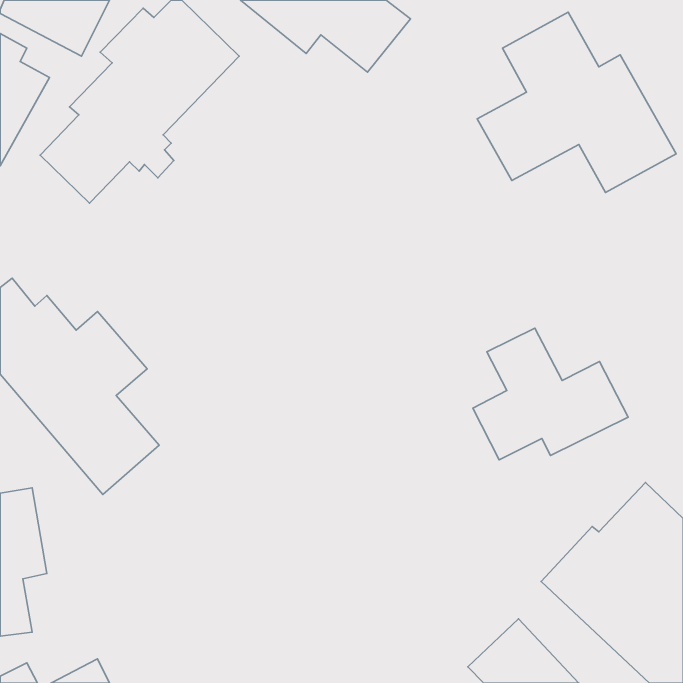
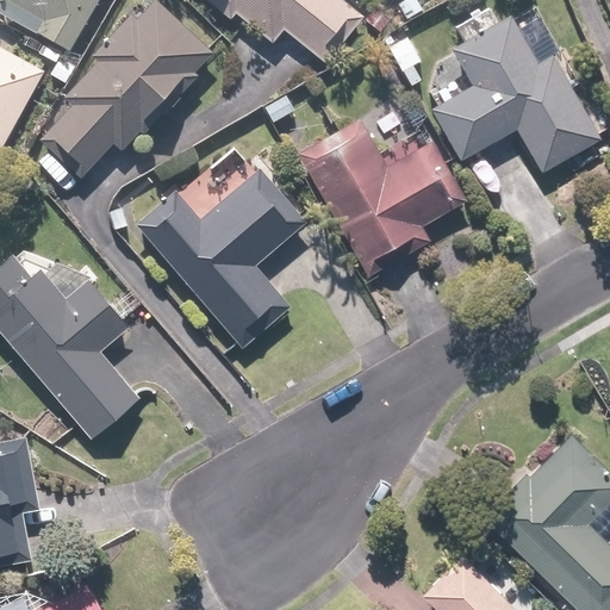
building: none -> [297,116,465,278]
building: none -> [138,170,306,346]
building: [473,328,628,460] -> none

